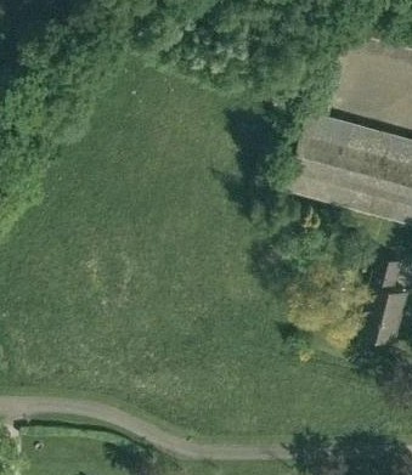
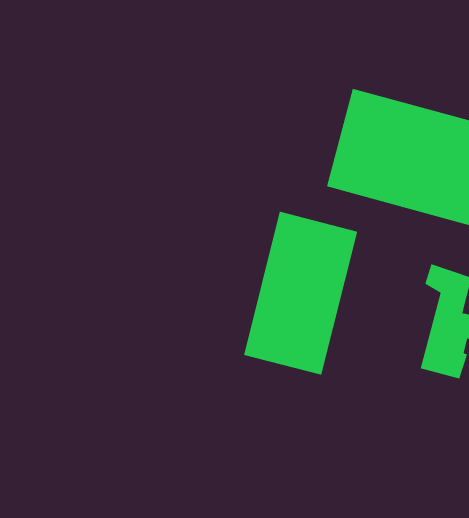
building: none -> [243,211,358,376]

